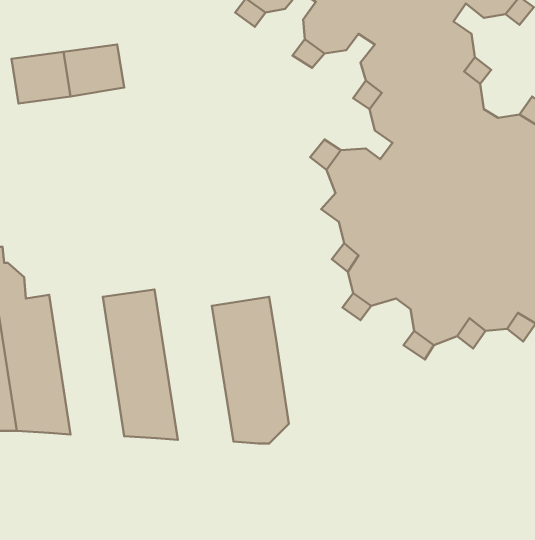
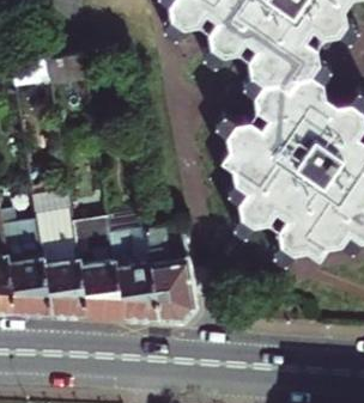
building: none -> [31,189,86,316]
building: none -> [107,210,159,319]

